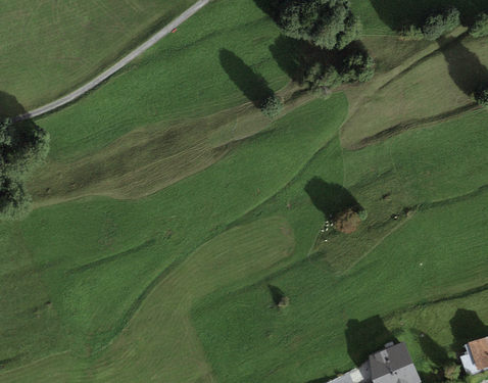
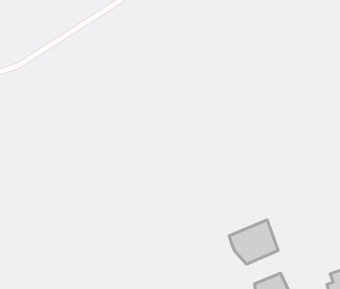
building: none -> [229,220,278,264]

